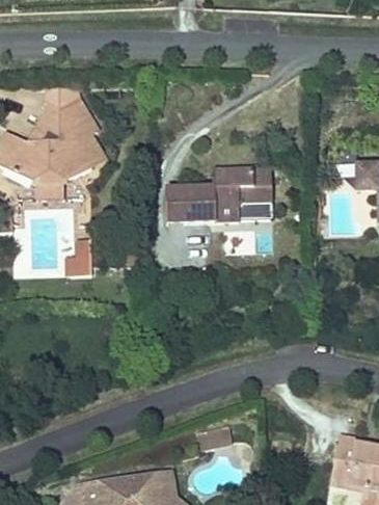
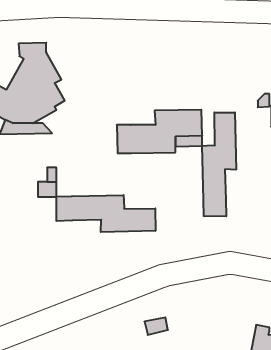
building: none -> [202,112,236,216]
building: none -> [56,195,155,232]

